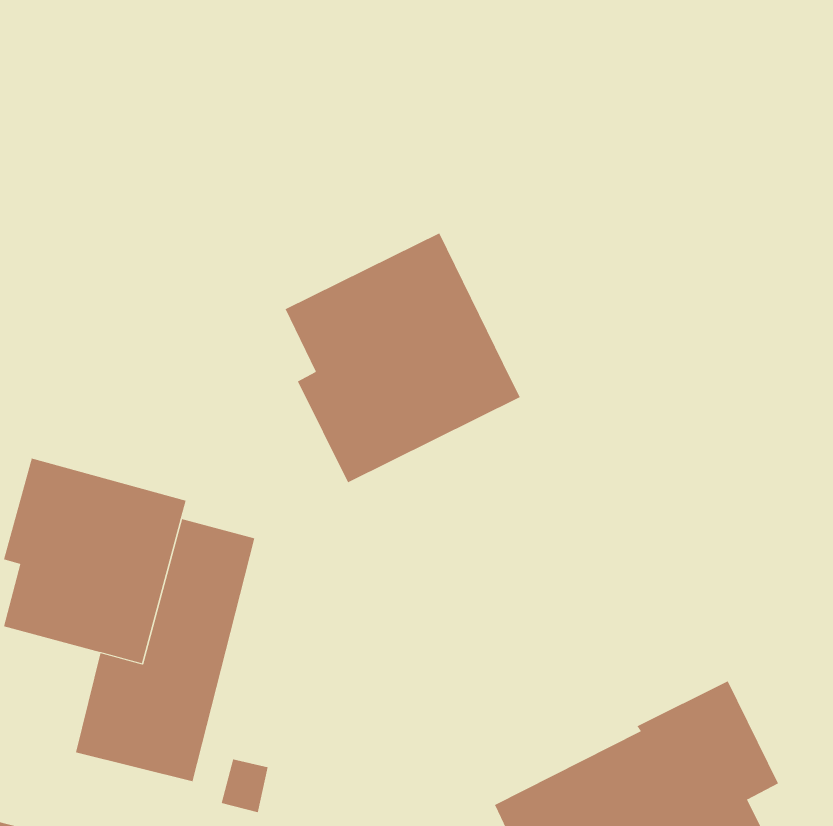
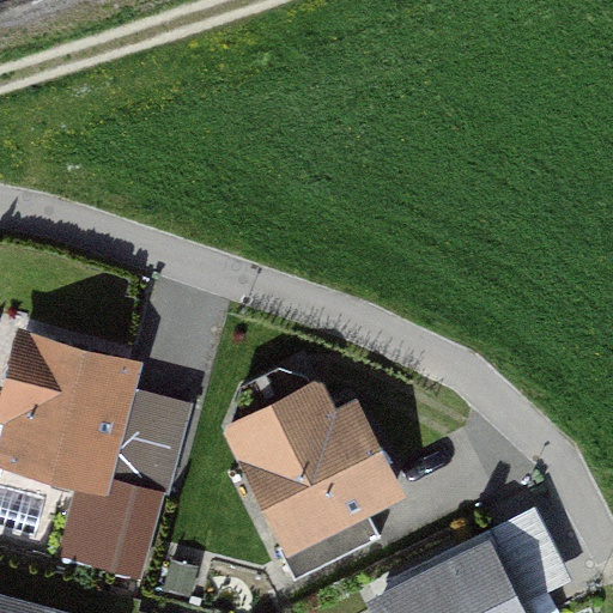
building: [285,233,521,483] -> none
building: none -> [219,372,403,584]

